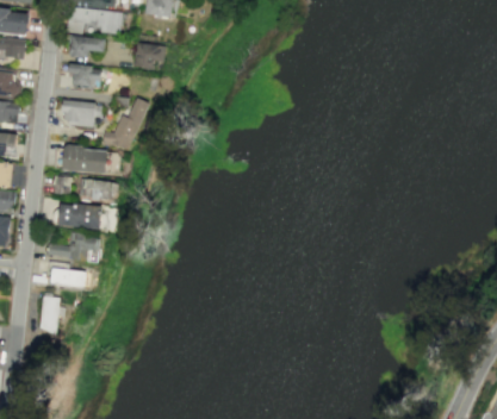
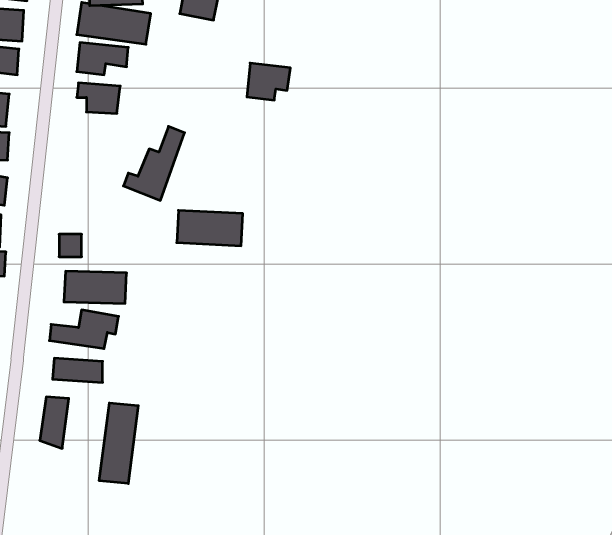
building: [133,42,166,69] -> [247,63,290,100]
building: [61,99,102,127] -> none
building: [63,146,112,173] -> [177,210,243,246]
building: [80,180,114,199] -> none
building: none -> [99,403,138,484]

